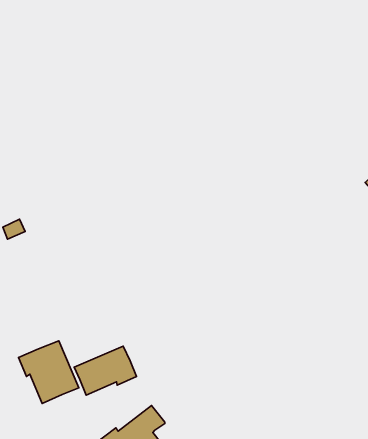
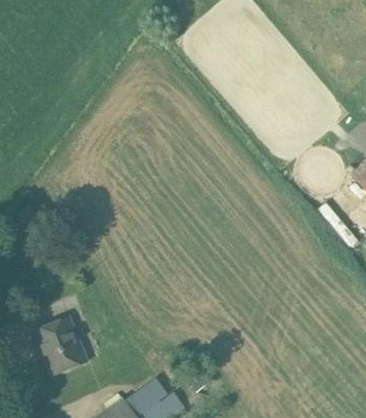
building: [74,346,137,395] -> none

